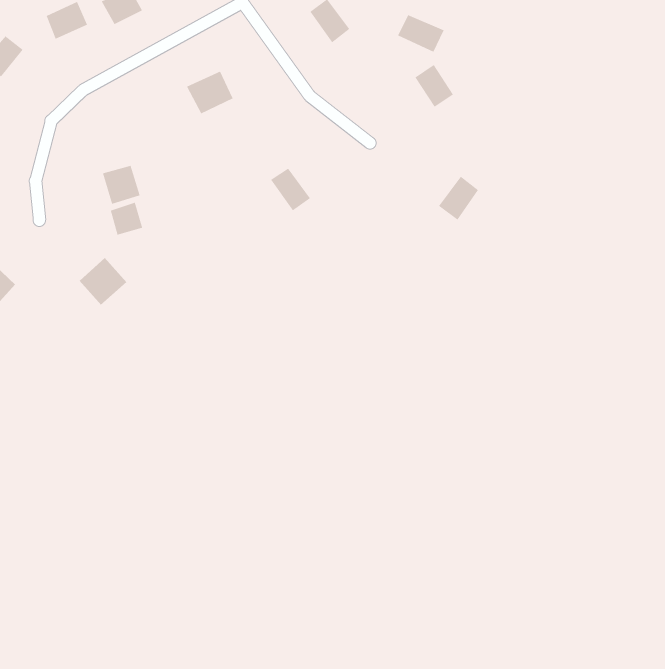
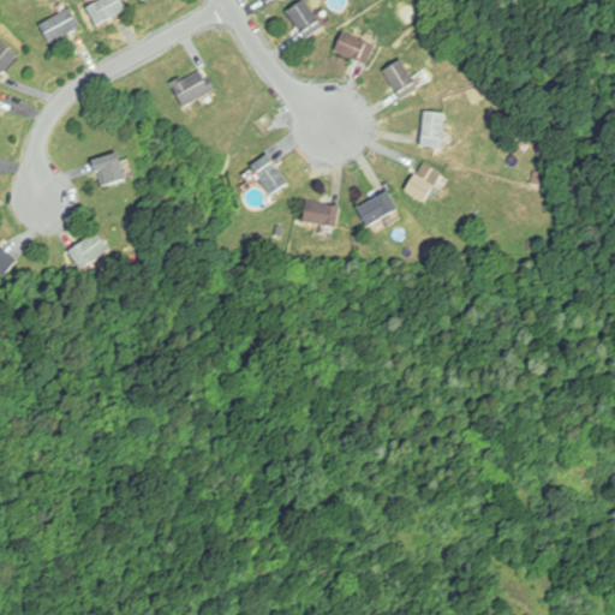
building: [397,14,444,52] -> [330,31,374,66]
building: none -> [417,111,443,149]
building: [110,202,143,236] -> none
building: none -> [354,191,395,227]
building: none -> [301,193,340,228]

